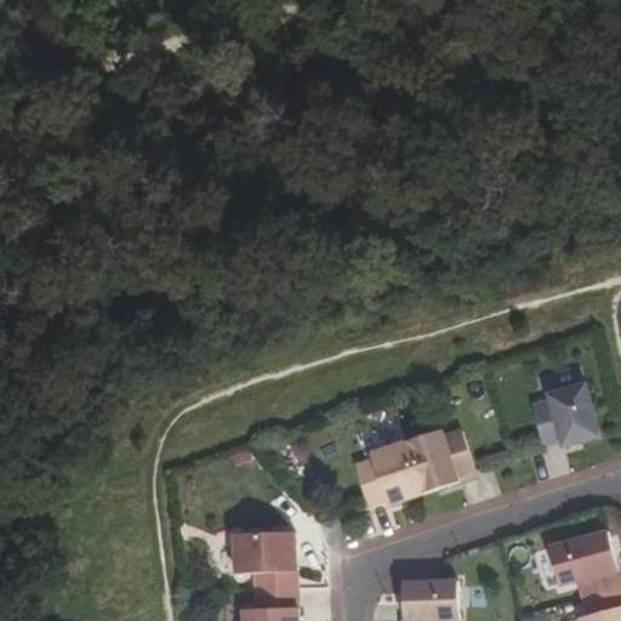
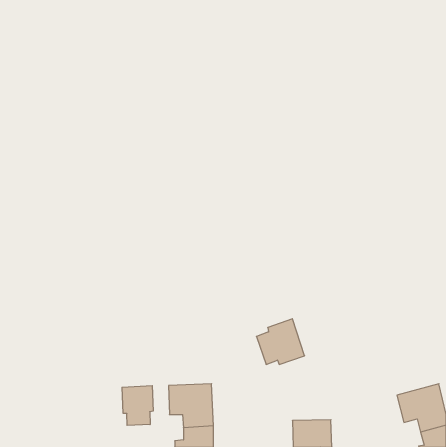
building: [531,382,598,443] -> none
building: [404,428,473,491] -> none
building: none -> [122,386,153,425]

